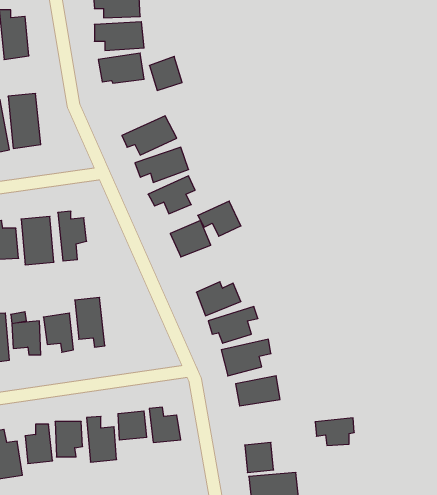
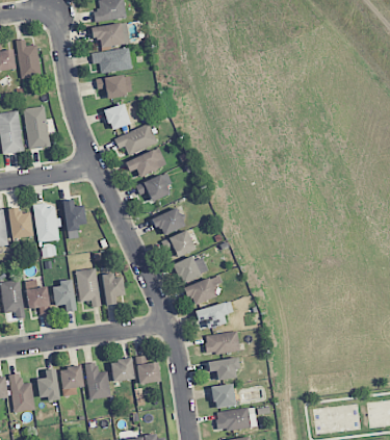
building: [149,56,182,90] -> [103,103,129,130]
building: [198,201,241,236] -> [160,230,194,258]
building: none -> [102,275,124,305]
building: [315,418,354,445] -> [207,358,238,380]

